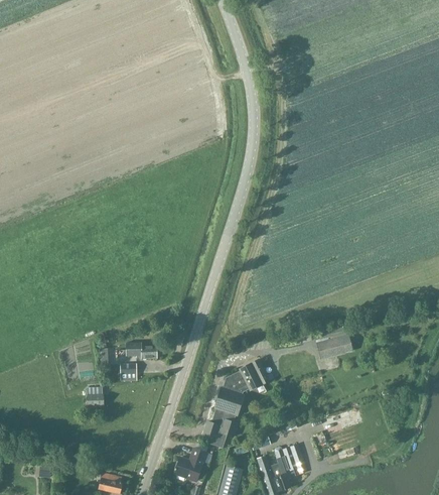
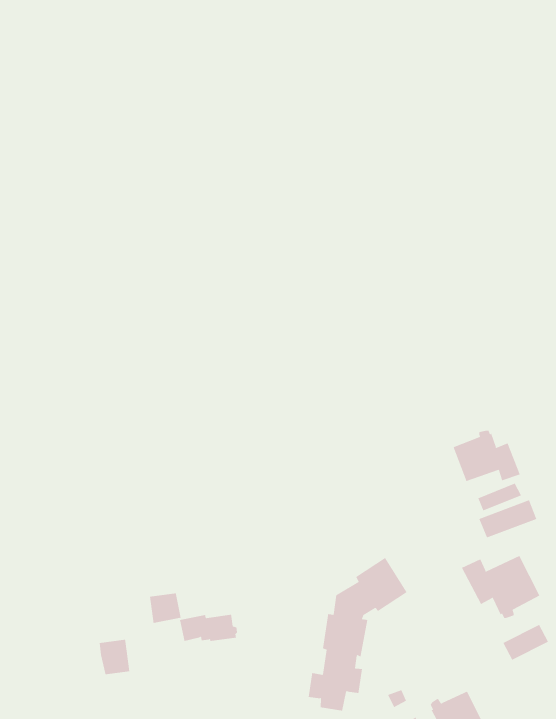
building: none -> [453,430,520,482]
building: [125,343,158,359] -> [179,614,238,641]
building: none -> [461,555,540,619]

